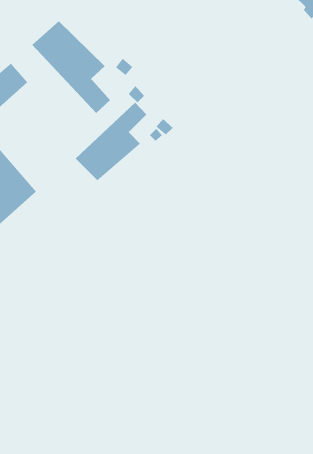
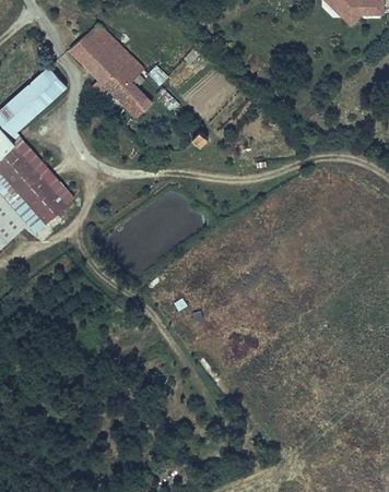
building: [75,102,147,181] -> none

